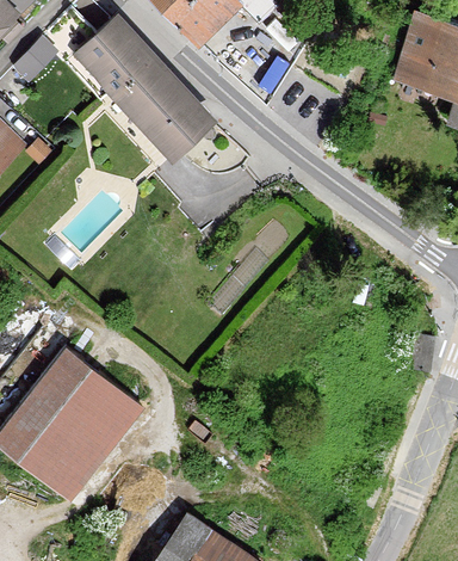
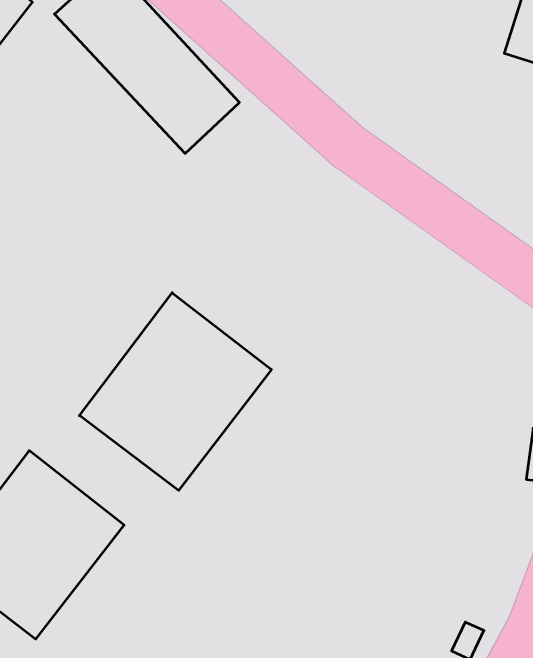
building: none -> [79,293,271,490]

